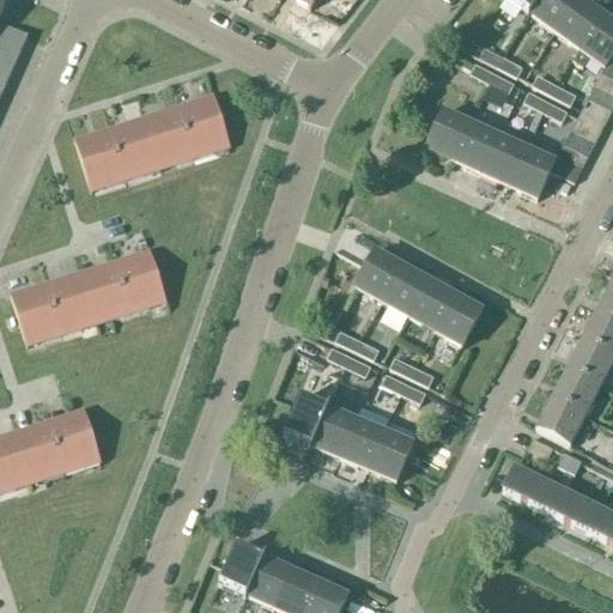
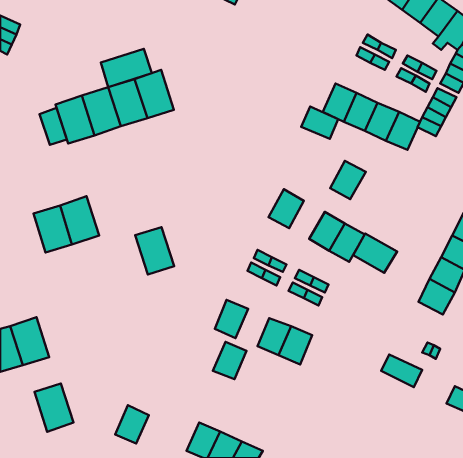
building: none -> [101,49,152,87]
building: none -> [301,107,338,139]
building: none -> [40,108,67,145]
building: [116,248,168,310] -> [135,227,174,274]
building: [383,265,430,315] -> [330,161,366,199]
building: [12,281,62,344] -> none
building: none -> [353,233,397,273]
building: [538,397,585,443] -> none
building: [50,407,102,471] -> [34,384,73,432]
building: [312,407,357,456] -> [213,342,246,379]
building: [547,487,601,532] -> none
building: [220,544,265,594] -> [115,405,149,443]

